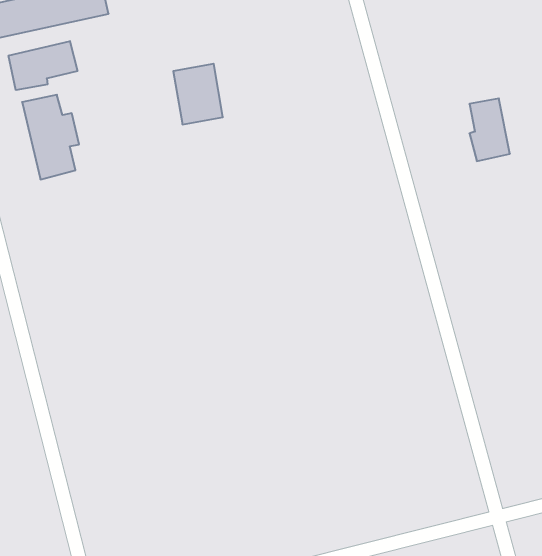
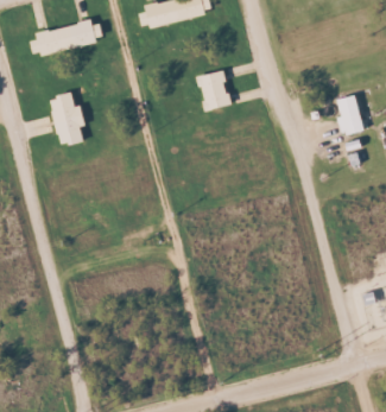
building: [9,41,77,90] -> none
building: [173,64,223,124] -> [198,71,230,110]

